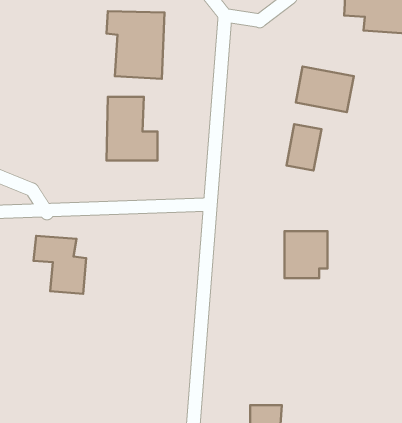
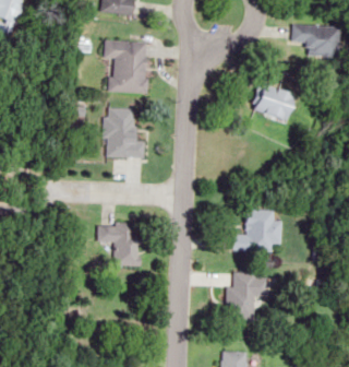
building: [286,124,321,170] -> none
building: [34,236,86,294] -> [97,222,139,268]
building: none -> [222,273,268,320]

